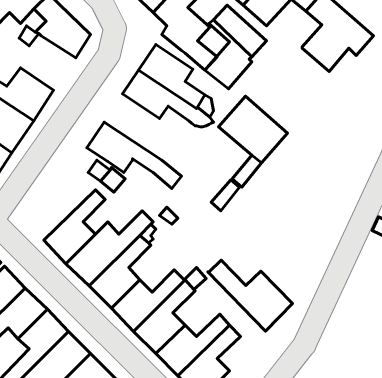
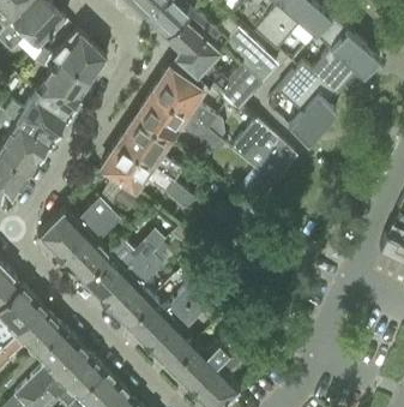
building: none -> [37,60,91,113]
building: none -> [278,62,338,143]
building: none -> [119,116,183,181]
building: none -> [38,199,110,259]
building: [208,260,292,331] -> none

